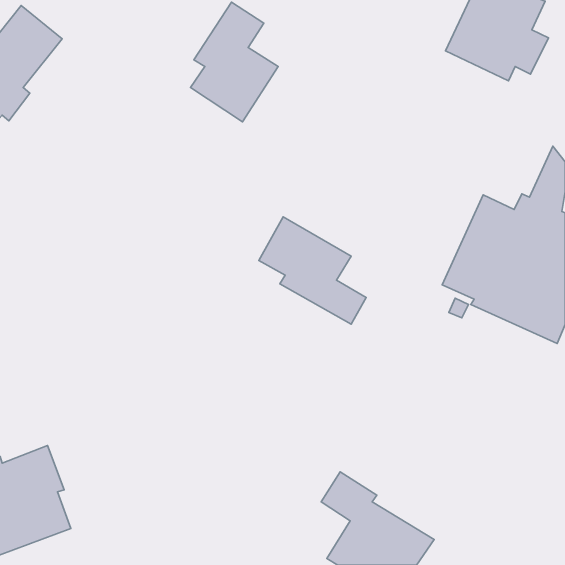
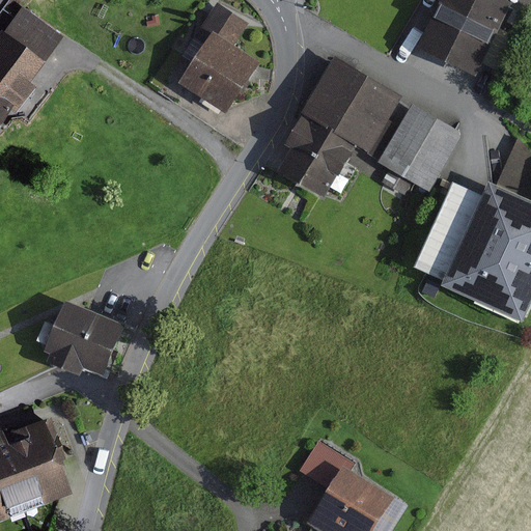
building: none -> [282,55,464,198]
building: [259,217,366,324] -> none
building: none -> [37,300,124,376]

